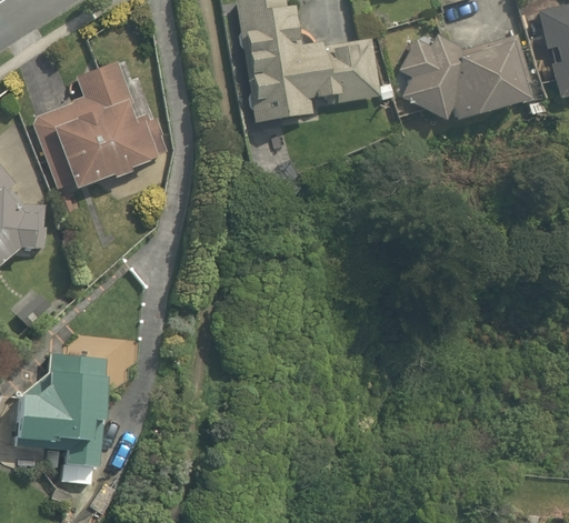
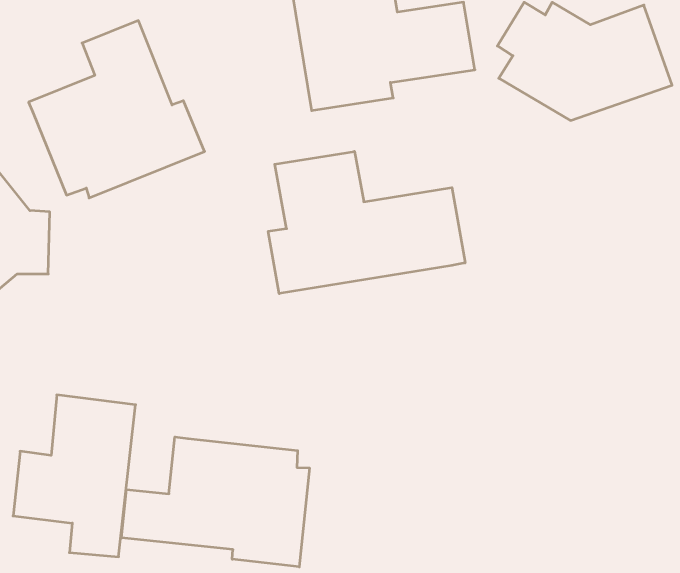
building: none -> [268,151,465,294]
building: none -> [122,437,309,567]

